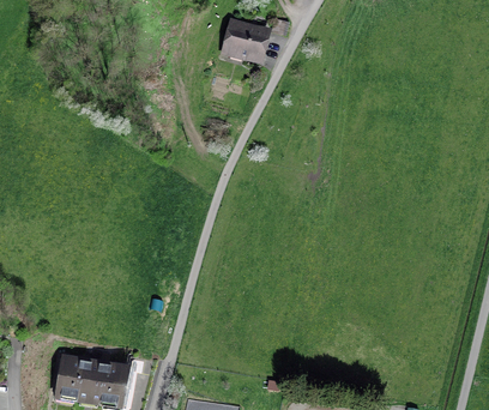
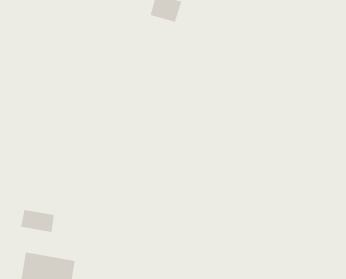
building: none -> [20,209,54,233]

